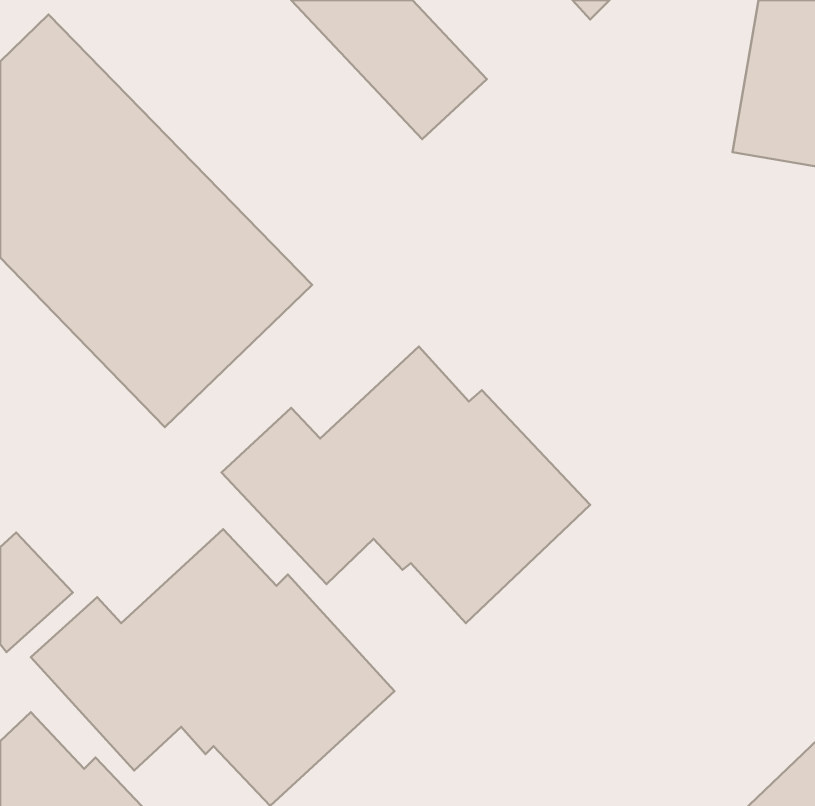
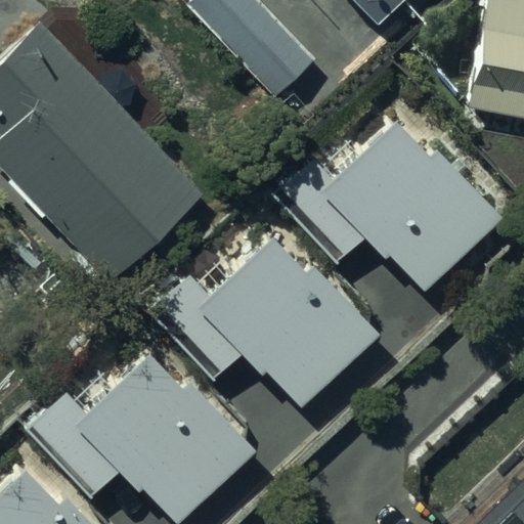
building: none -> [273,119,506,293]

